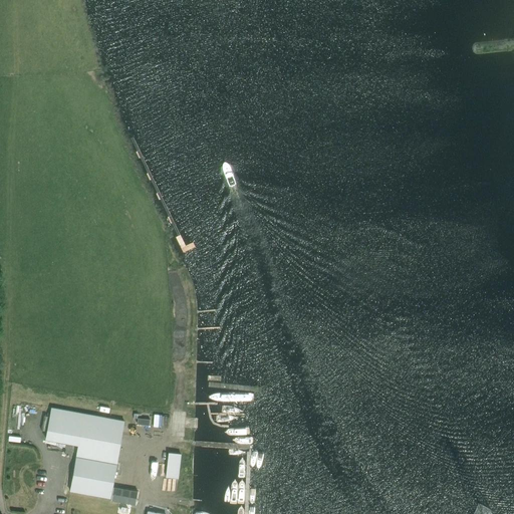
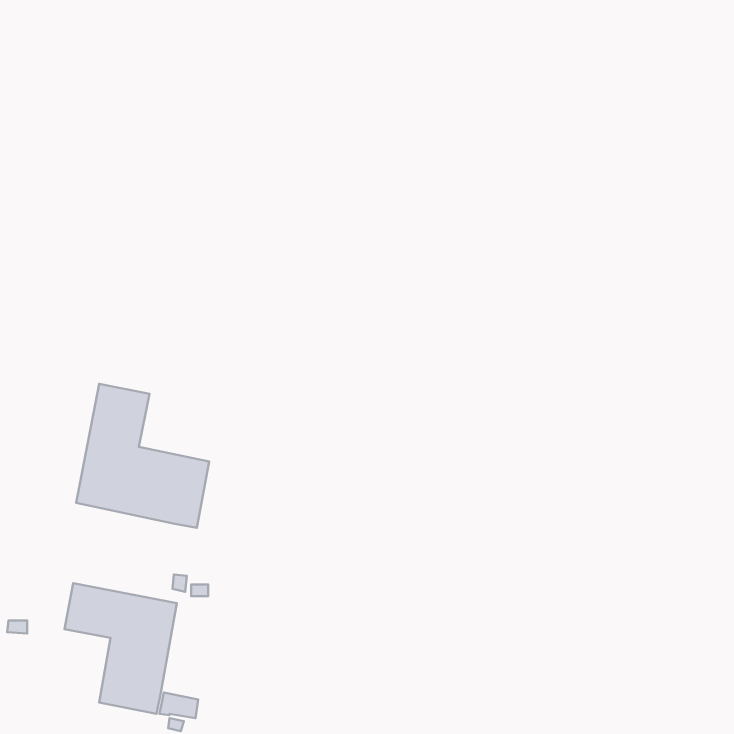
building: none -> [76,384,209,528]

